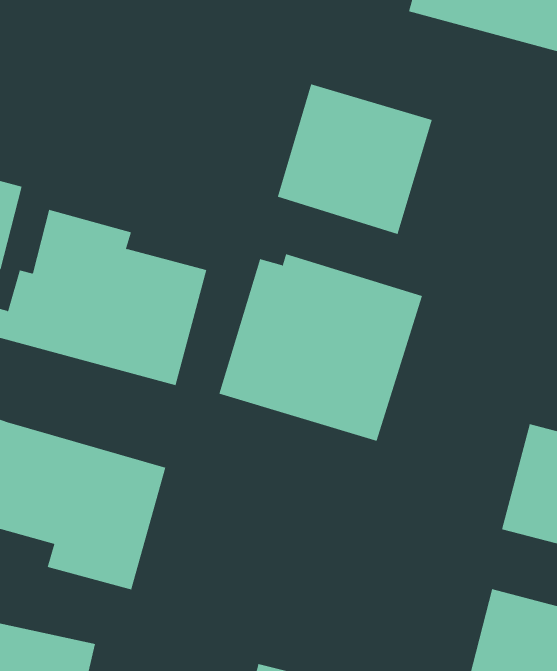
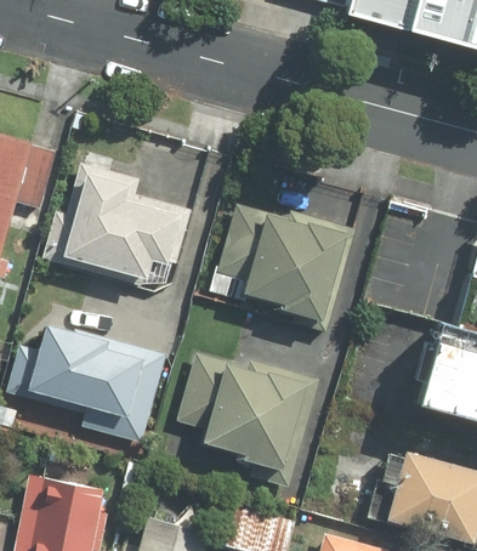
building: [277,84,432,235] -> none
building: none -> [172,352,320,493]

